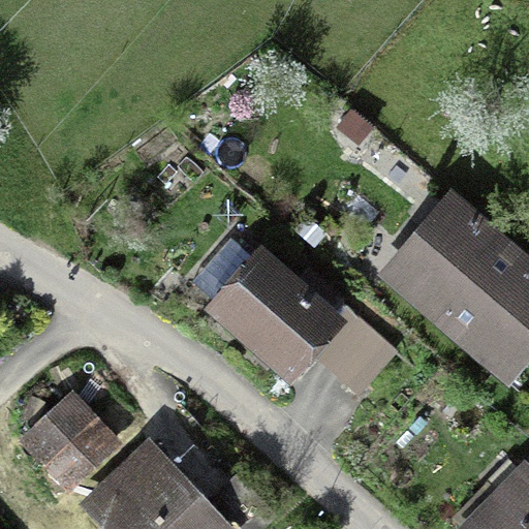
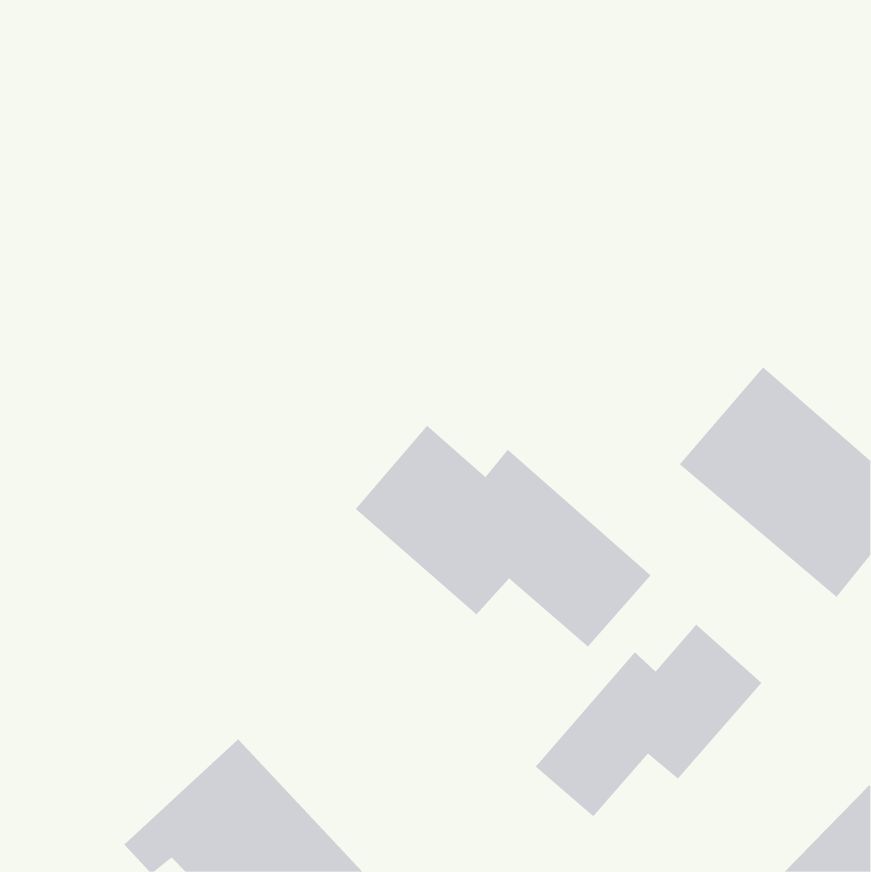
building: none -> [535,624,762,817]
building: [26,399,108,479] -> none

